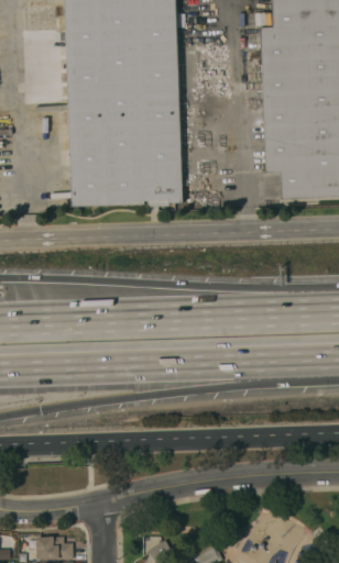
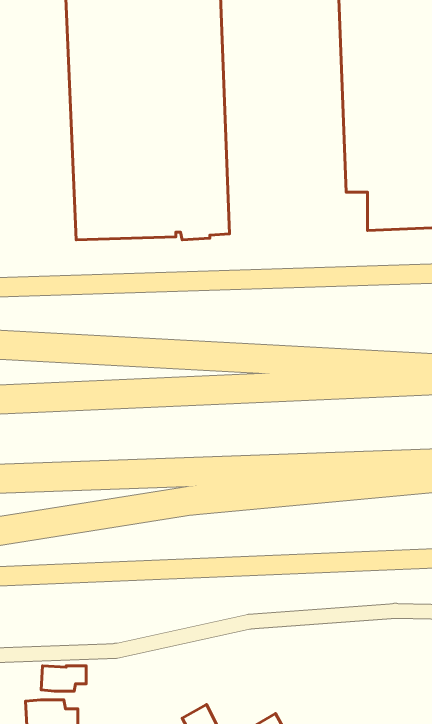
building: none -> [41,666,86,691]

